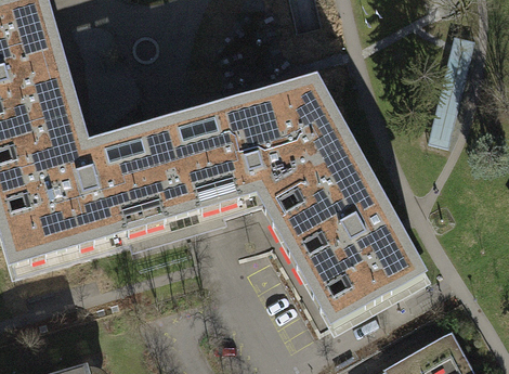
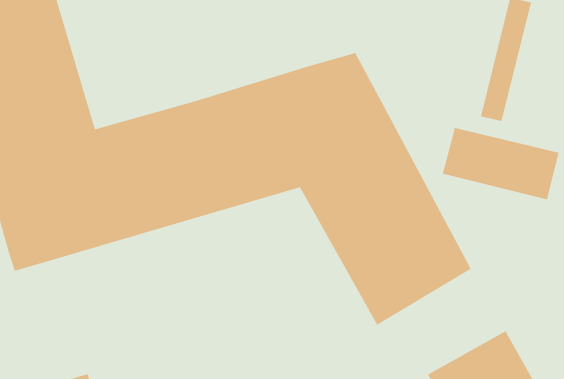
building: none -> [442,127,559,200]

